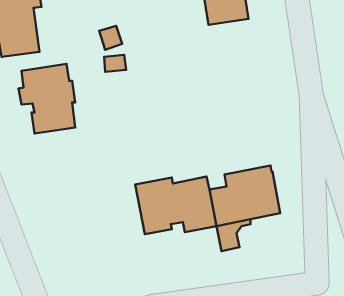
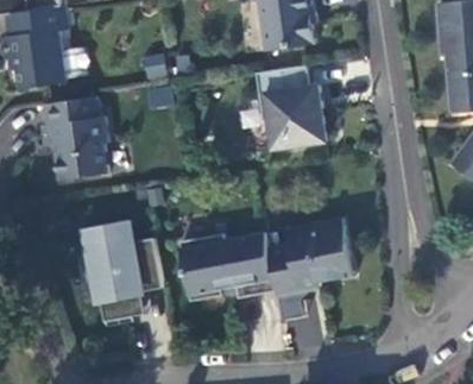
building: none -> [254,65,326,149]
building: none -> [87,220,163,321]

